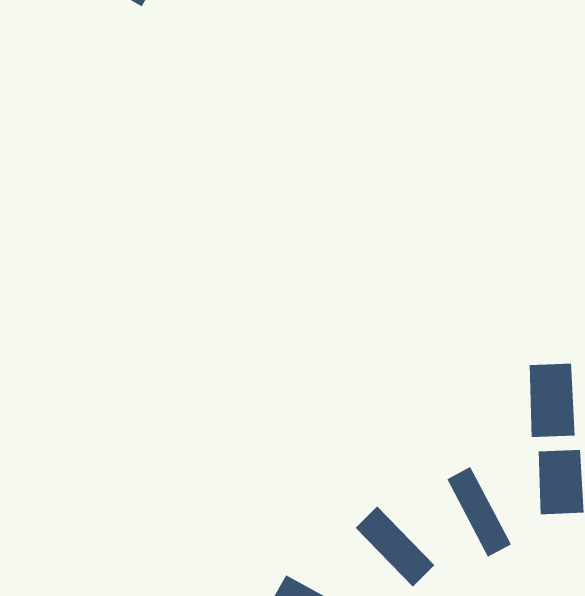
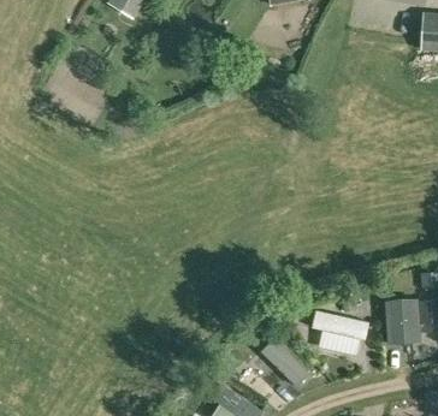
building: [529,363,575,438] -> none

